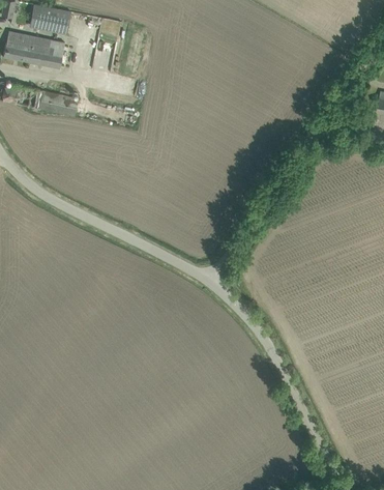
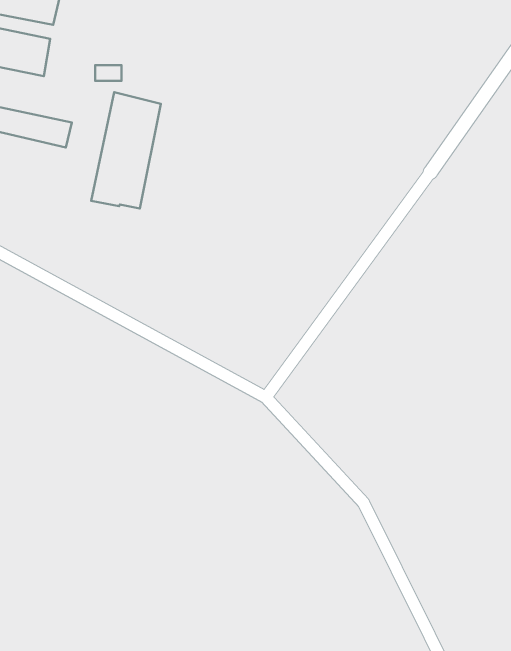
building: none -> [91,92,161,209]

